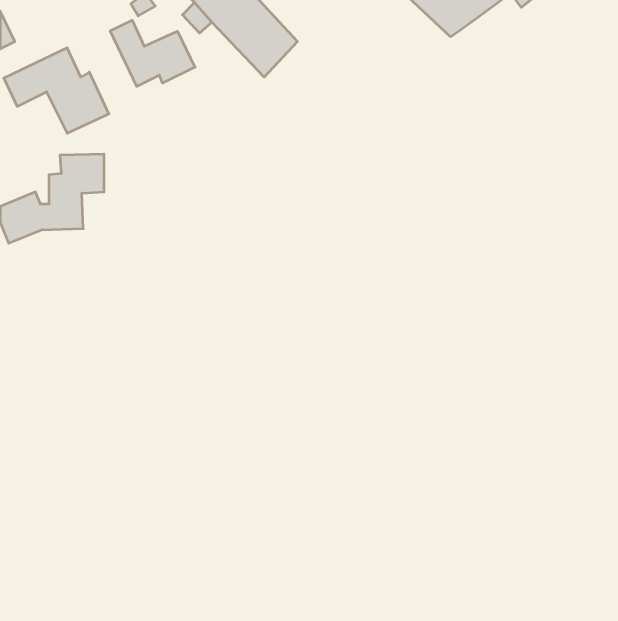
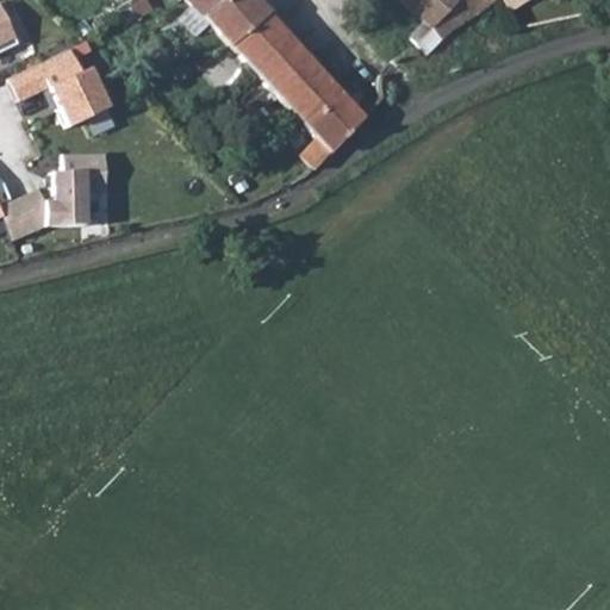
building: [110,20,195,86] -> none
building: none -> [264,41,366,166]

